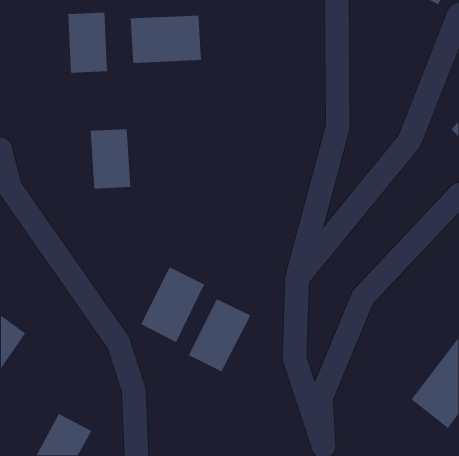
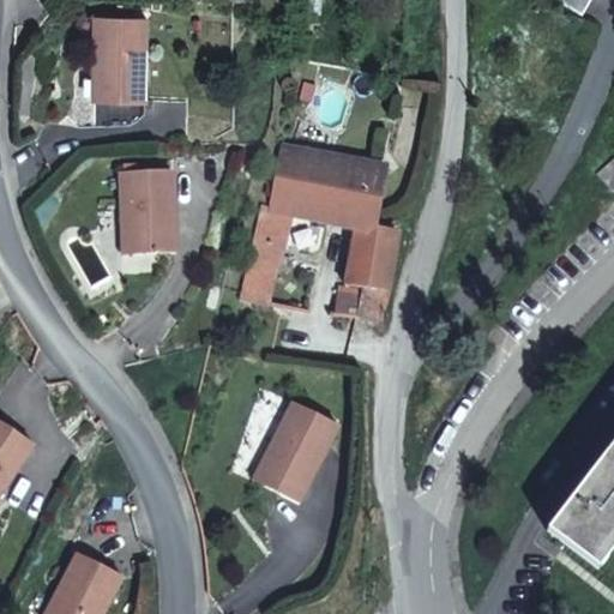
building: [130,15,202,64] -> none
building: none -> [239,143,399,319]
building: [140,266,205,343] -> none

